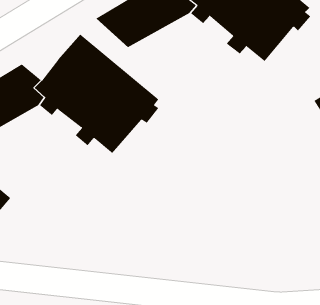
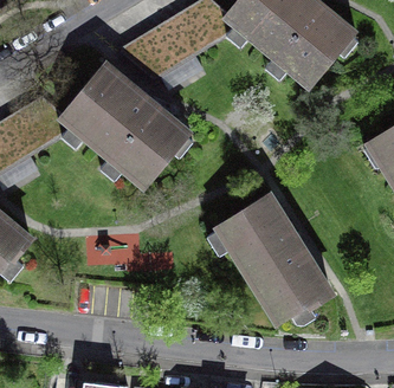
building: none -> [205,183,336,321]

